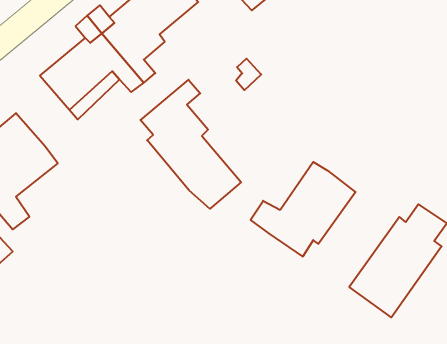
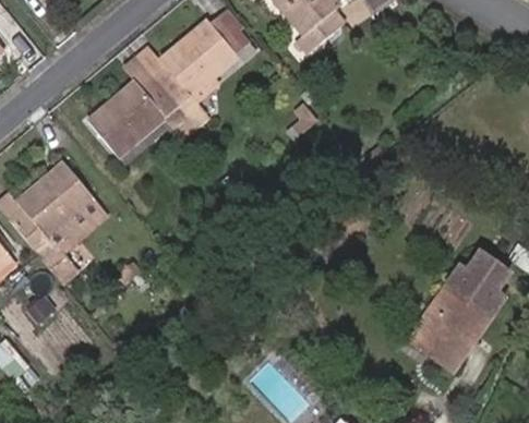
building: [140,80,241,209] -> none
building: [251,162,356,257] -> none

